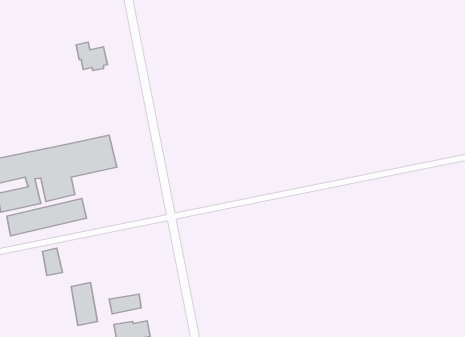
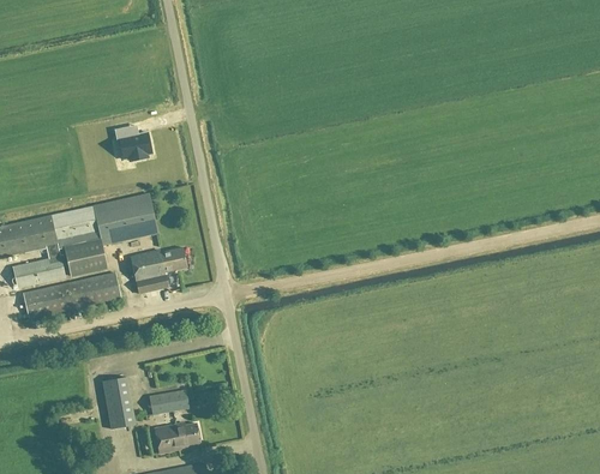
building: [76,42,108,70] -> [116,122,155,157]
building: none -> [128,247,186,293]
building: [43,248,63,276] -> none

